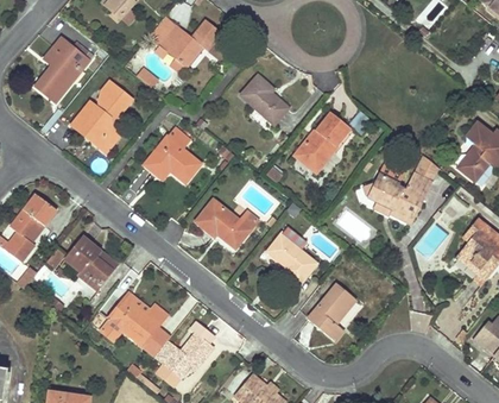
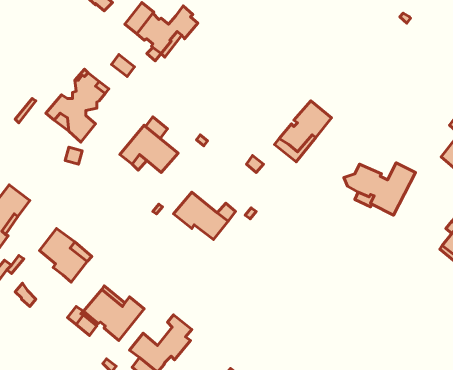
building: [36,38,89,101] -> none
building: [240,75,289,124] -> none
building: [267,229,316,285] -> none
building: [308,283,355,341] -> none

